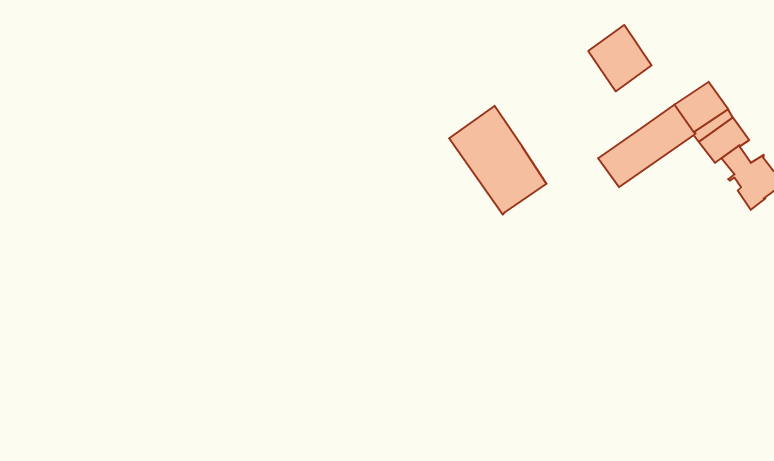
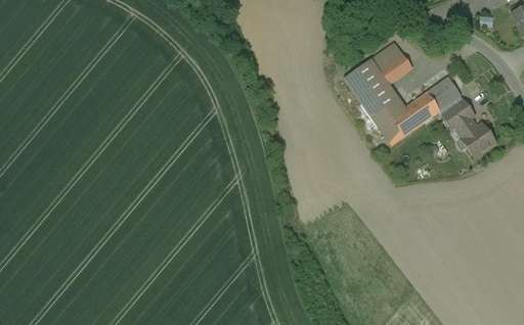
building: [449,106,547,215] -> [343,58,404,127]

